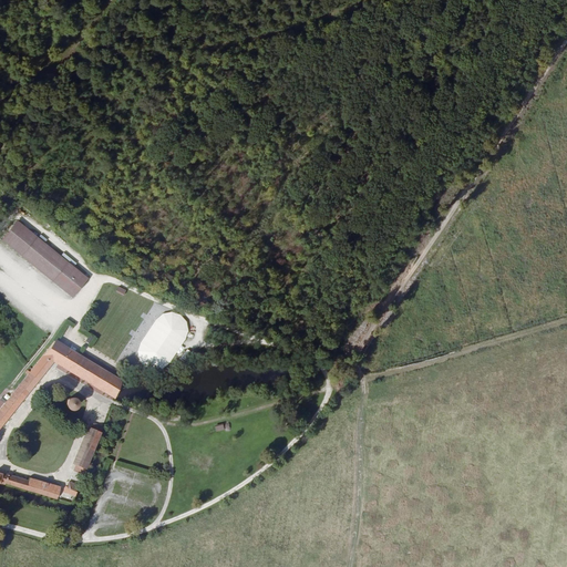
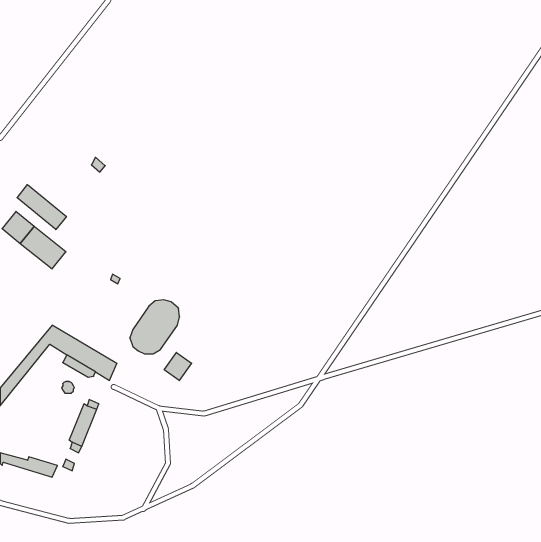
building: none -> [17,185,66,230]
building: [56,264,89,297] -> none
building: none -> [164,352,192,381]

